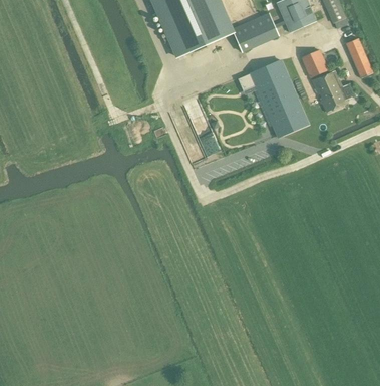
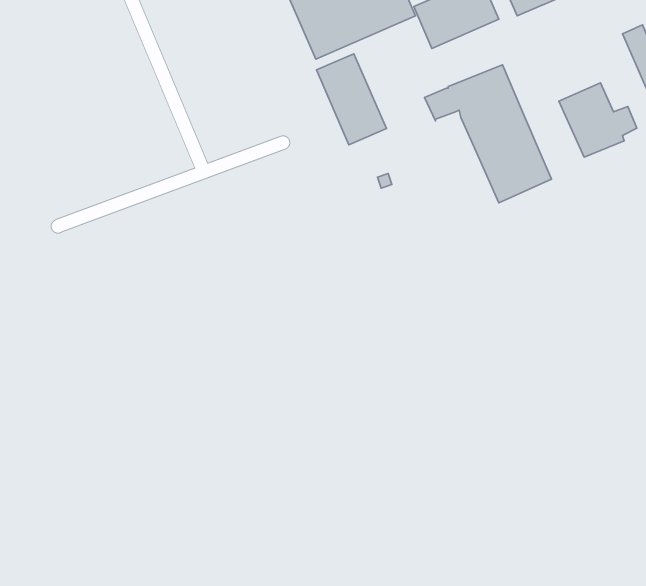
building: [302,50,328,77] -> none
building: none -> [316,54,386,145]

